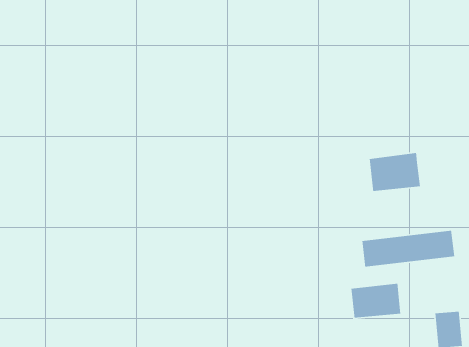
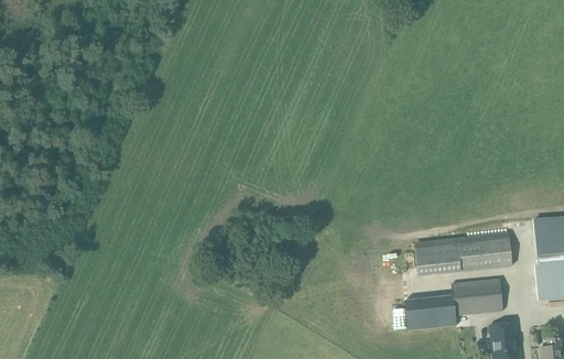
building: [369,152,421,192] -> none
building: none -> [451,276,502,315]

